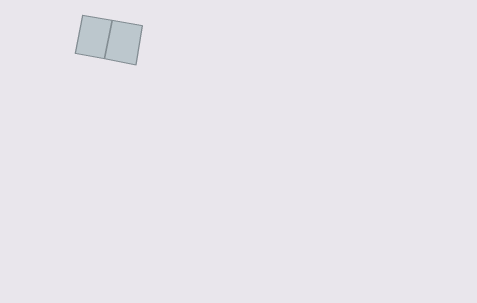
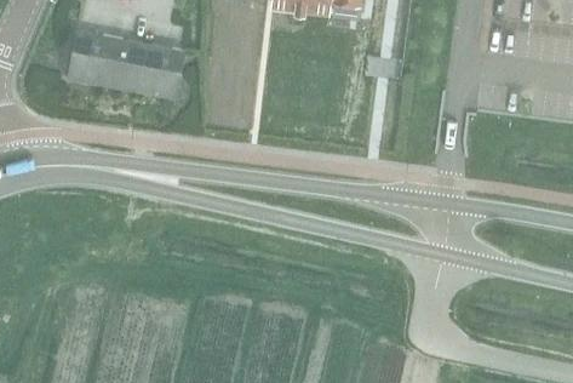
building: none -> [69,34,113,84]

